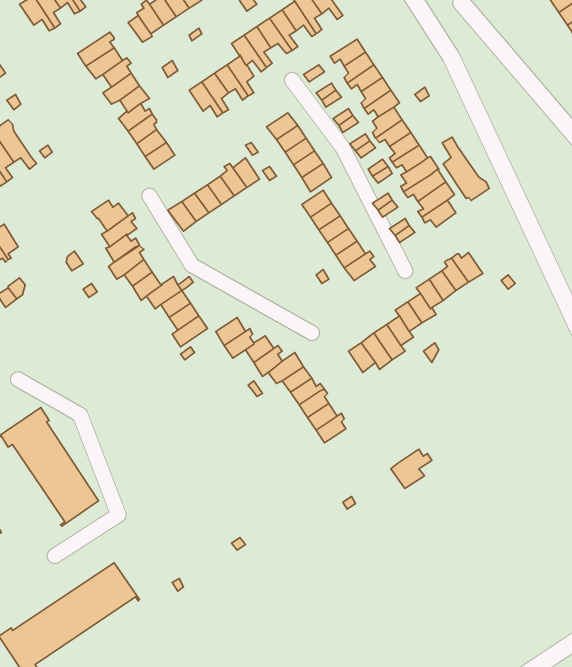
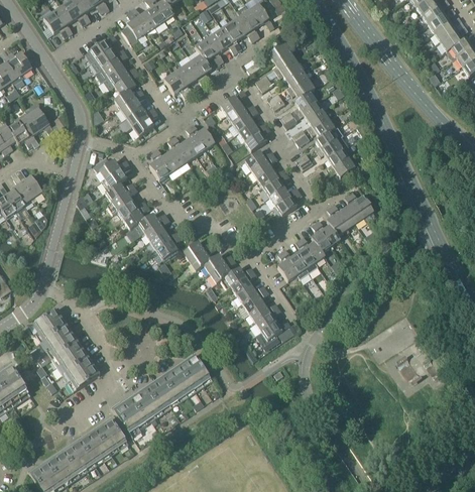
building: [442,137,489,200] -> none
building: [391,449,432,489] -> [255,321,284,349]
building: none -> [111,353,212,437]

